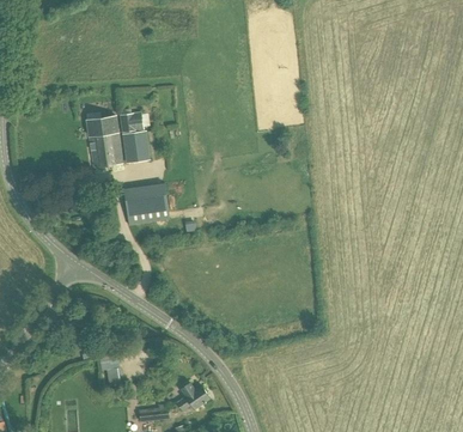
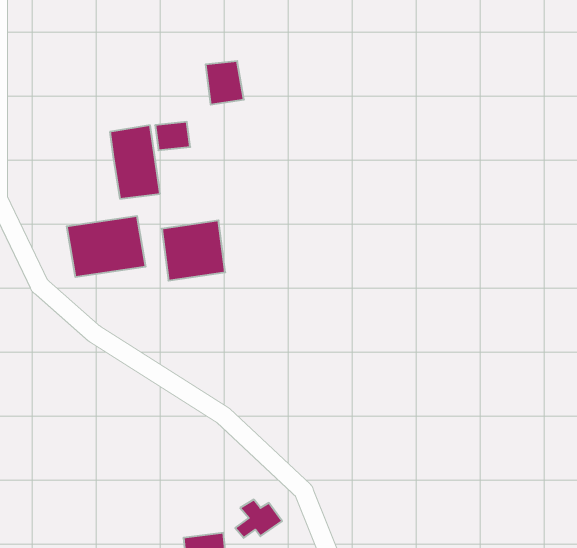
building: [122,132,150,163] -> [206,61,244,105]
building: none -> [67,216,146,277]

